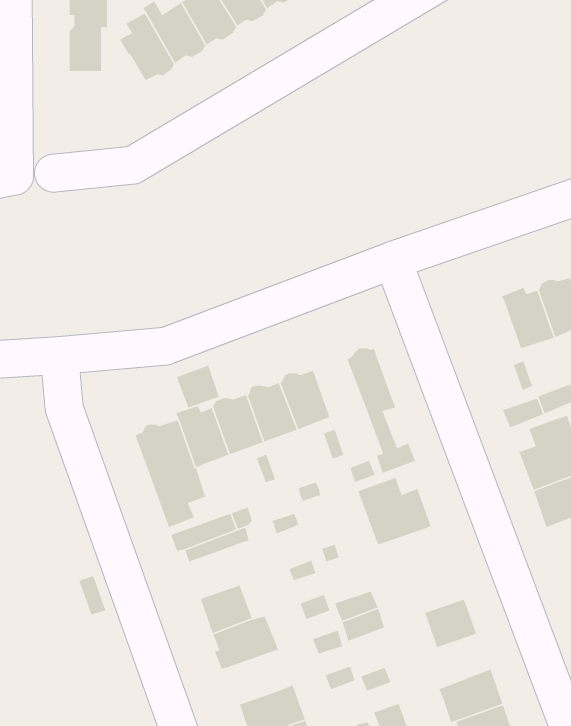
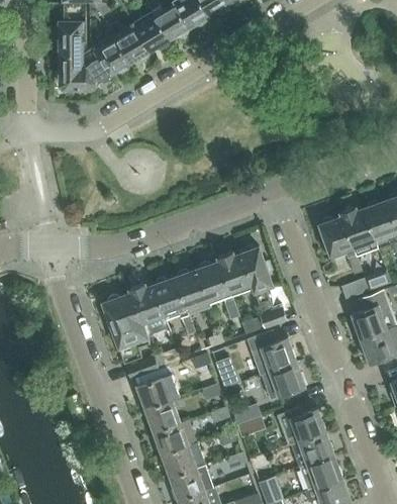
building: none -> [61,47,112,88]
building: none -> [319,217,354,257]
building: none -> [217,253,253,293]
building: [176,365,220,409] -> none
building: none -> [261,364,305,401]
building: none -> [137,375,181,410]
building: none -> [292,433,334,469]
building: none -> [163,443,206,479]

